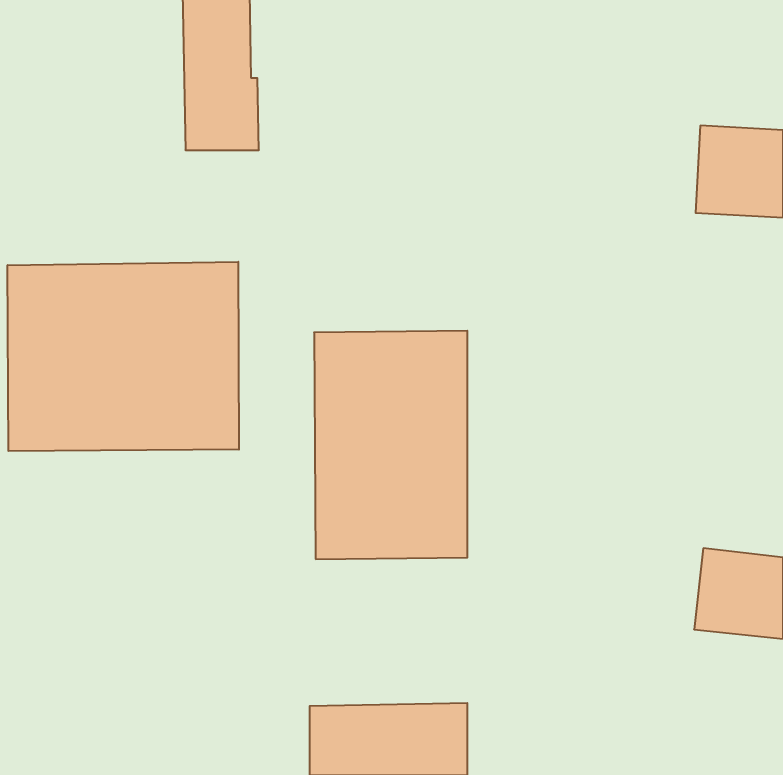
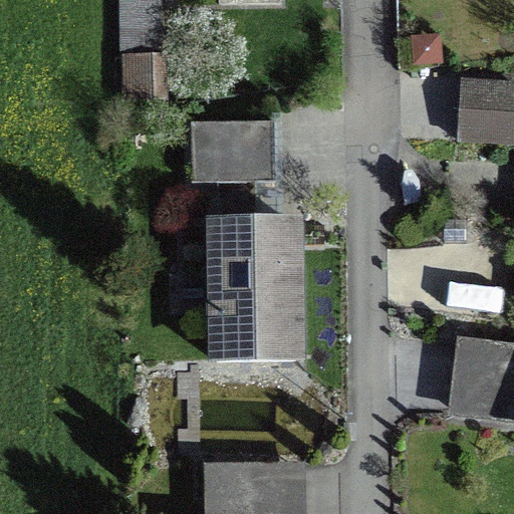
building: none -> [192,119,272,179]
building: [8,262,239,451] -> none

